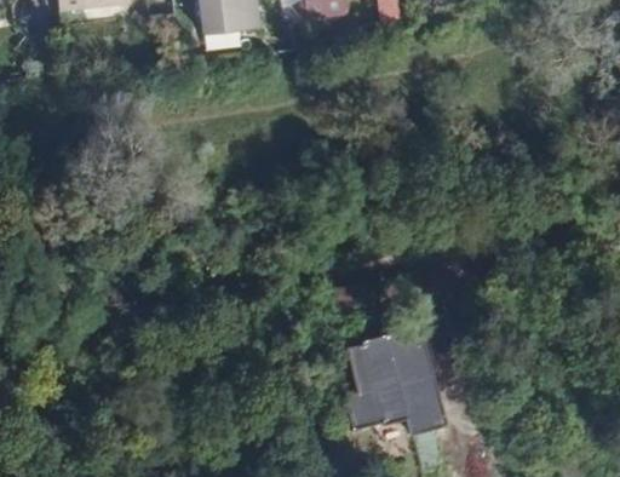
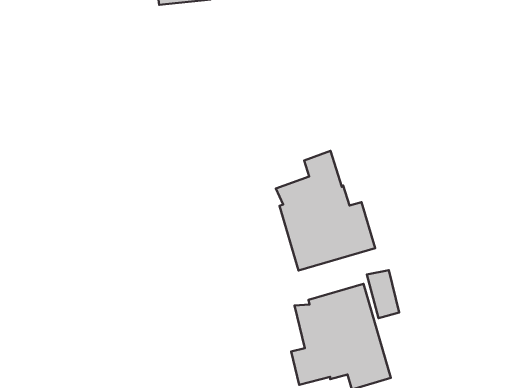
building: none -> [276,151,375,270]

